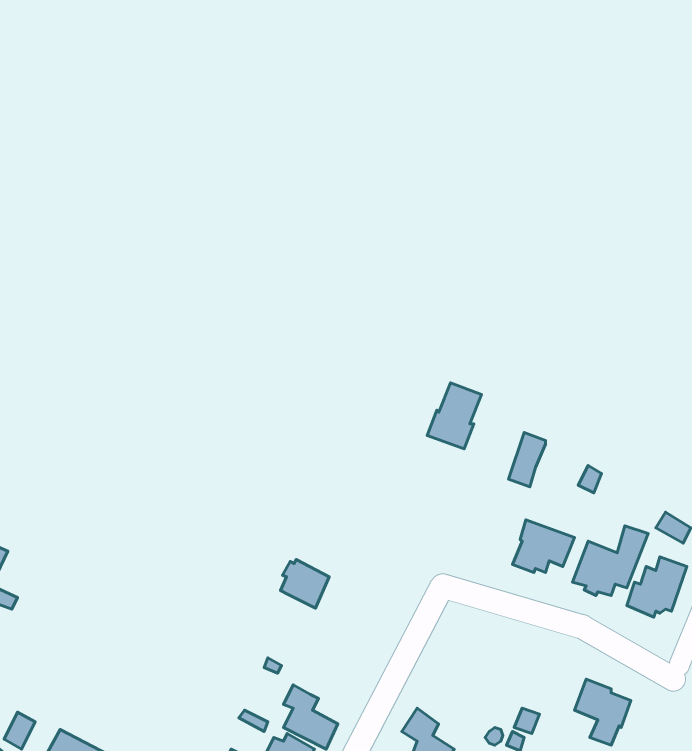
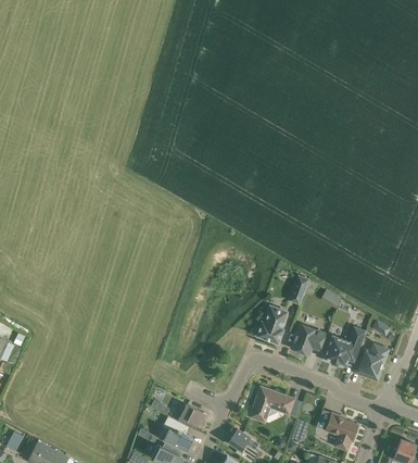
building: [427,383,482,449] -> [256,305,287,342]
building: [281,559,329,608] -> [177,403,204,430]
building: none -> [249,389,293,422]

